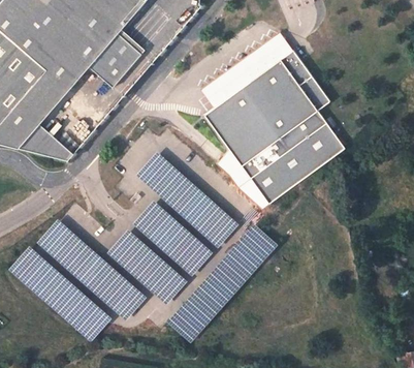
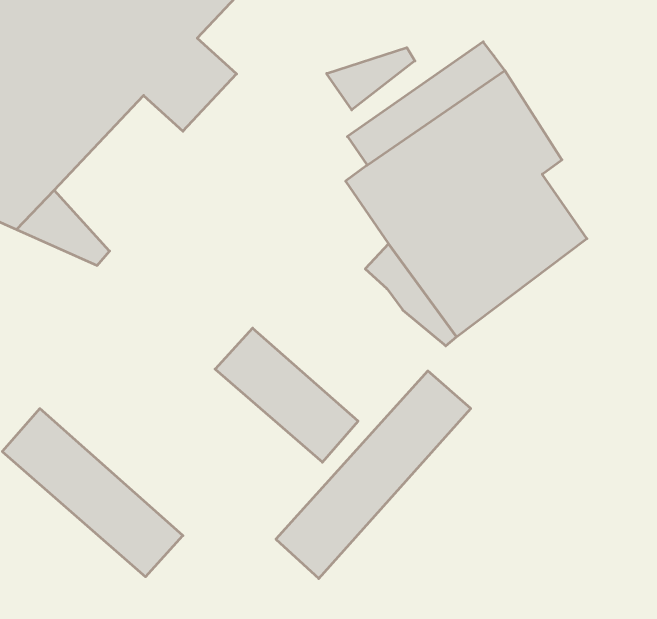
building: none -> [327,48,415,110]
building: [132,151,236,248] -> none
building: [34,217,144,320] -> none
building: [103,228,186,305] -> none

